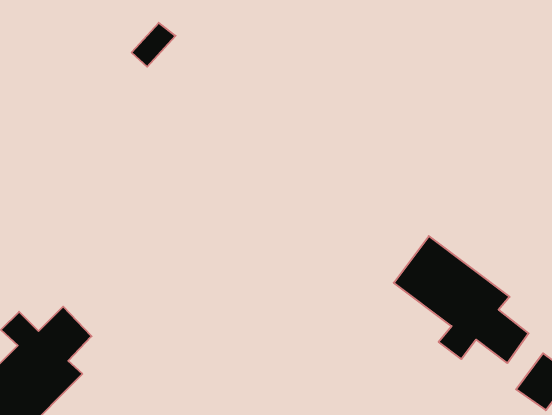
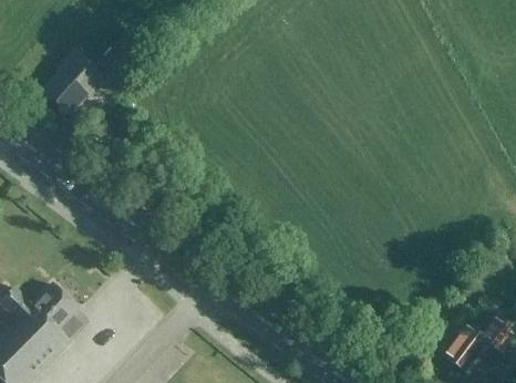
building: none -> [39,48,110,120]
building: [394,236,529,363] -> none

